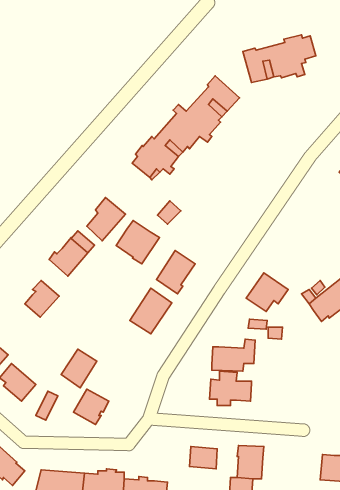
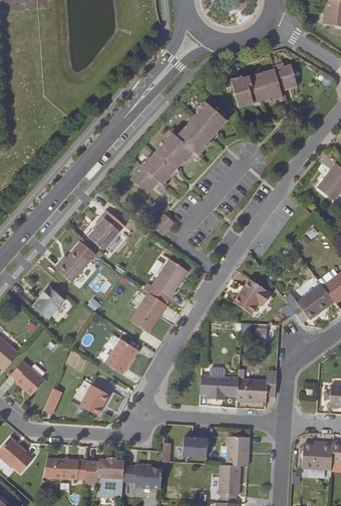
building: [116,220,160,264] -> none
building: [212,339,255,371] -> [238,371,277,401]
building: [61,349,97,388] -> [105,339,137,374]

